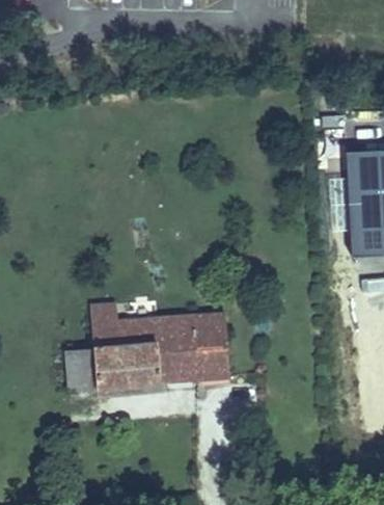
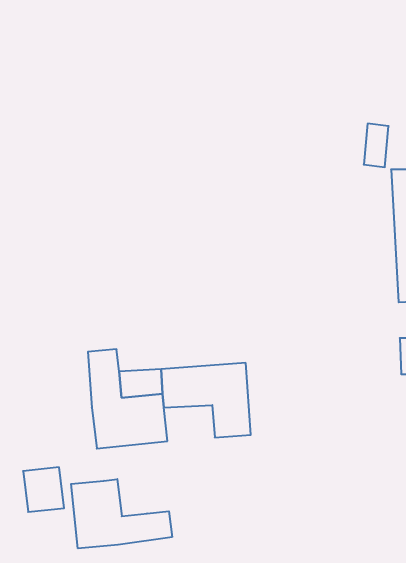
building: [155,348,197,378] -> none
building: [64,350,99,388] -> [23,467,64,512]
building: none -> [71,479,172,548]

